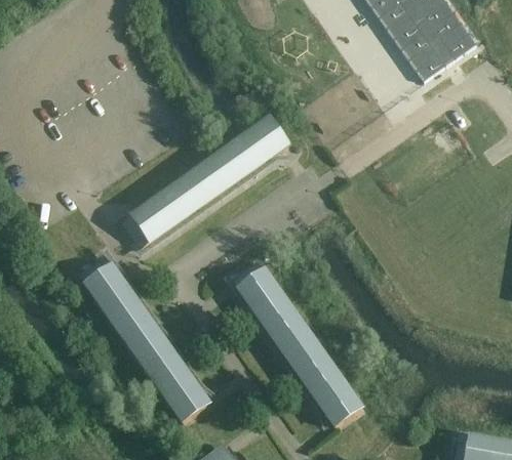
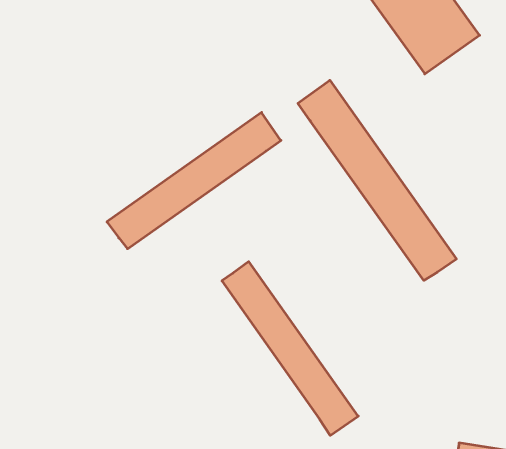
building: none -> [298,80,456,280]
building: [79,255,209,420] -> none

